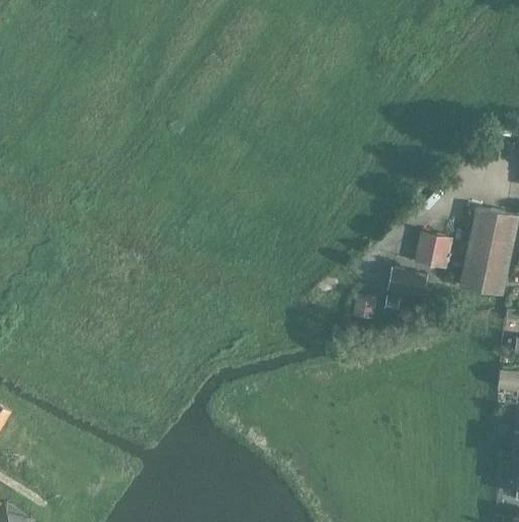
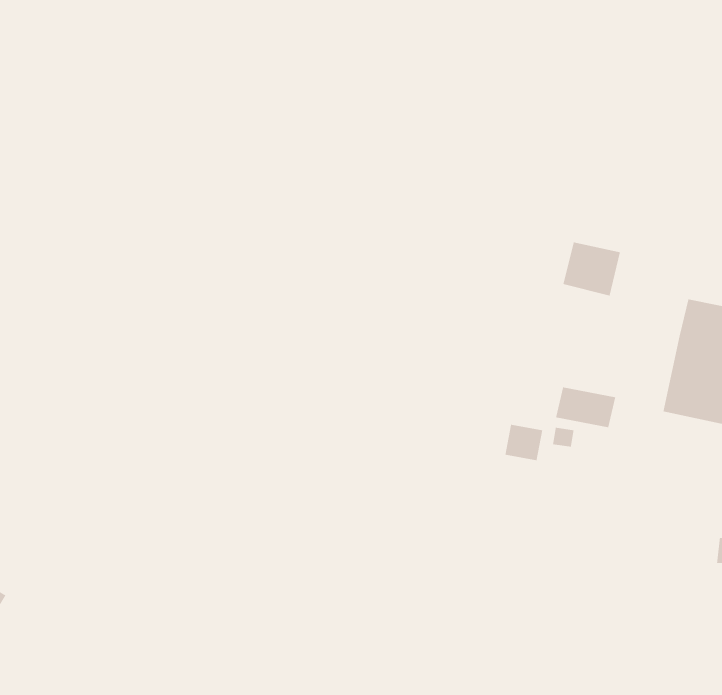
building: [412,232,452,270] -> [563,241,621,297]

